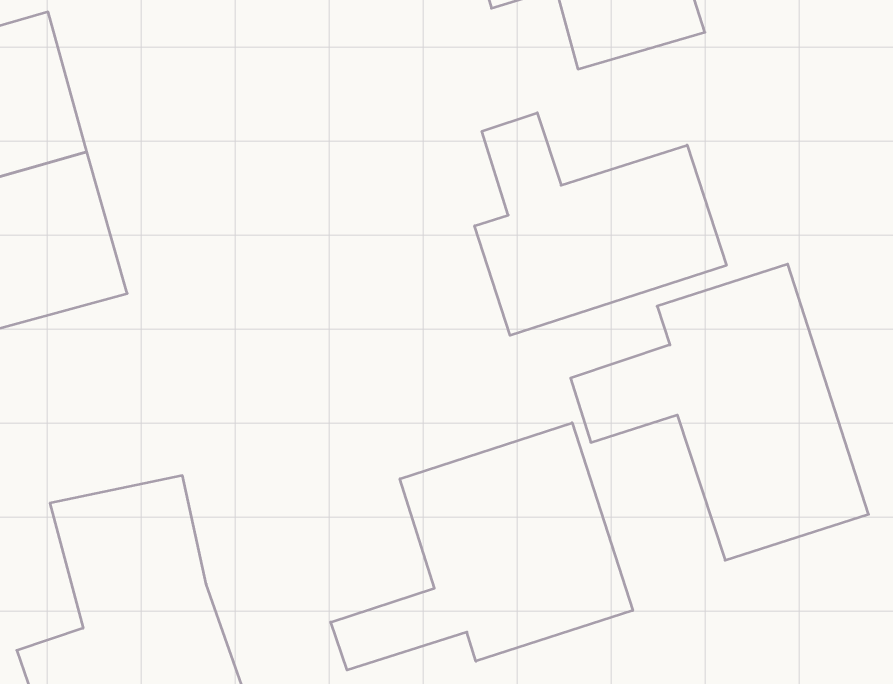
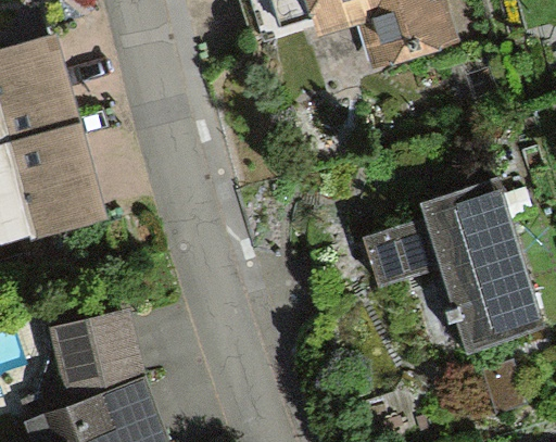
building: [475,113,726,335] -> none
building: [331,423,633,670] -> none

